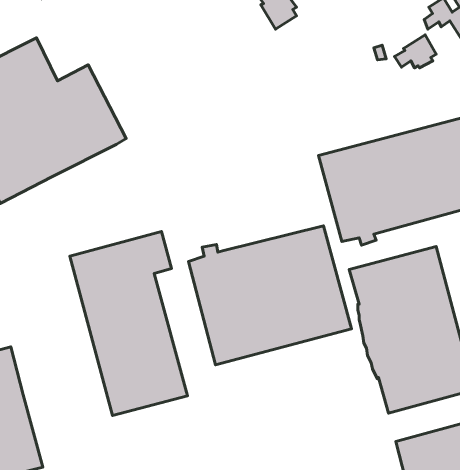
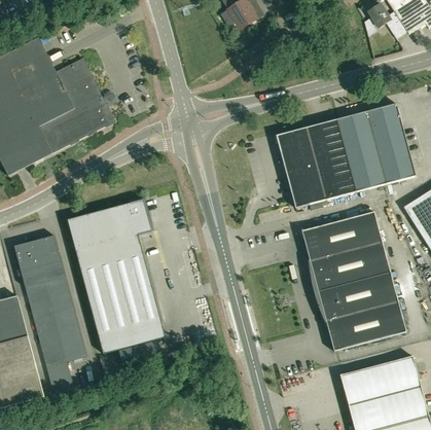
building: [395,35,436,68] -> none
building: [189,226,351,365] -> none
building: none -> [14,235,86,393]

